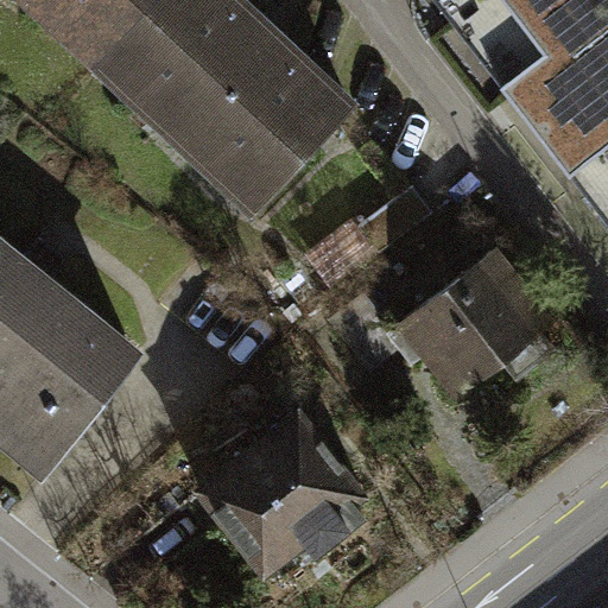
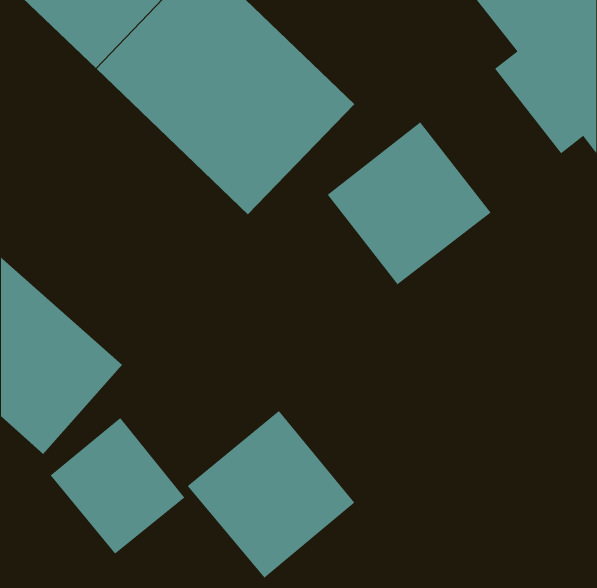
building: [397,248,564,414] -> [327,121,492,285]
building: none -> [50,417,185,555]

